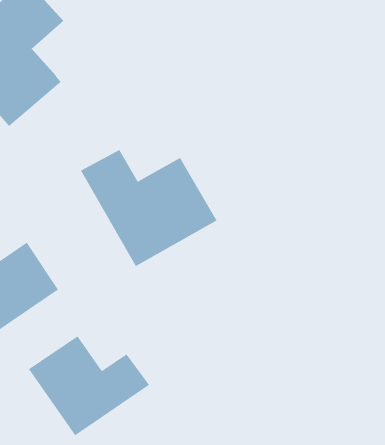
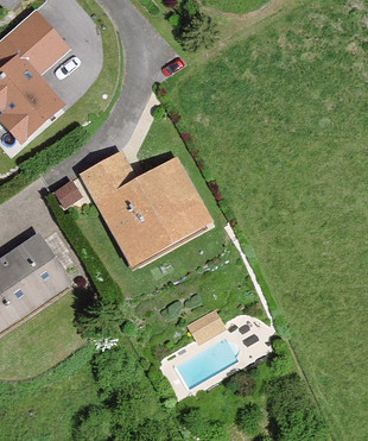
building: [28,336,150,436] -> none

